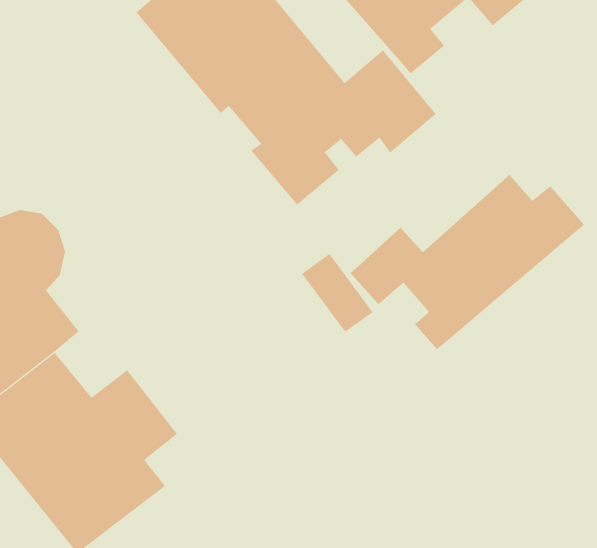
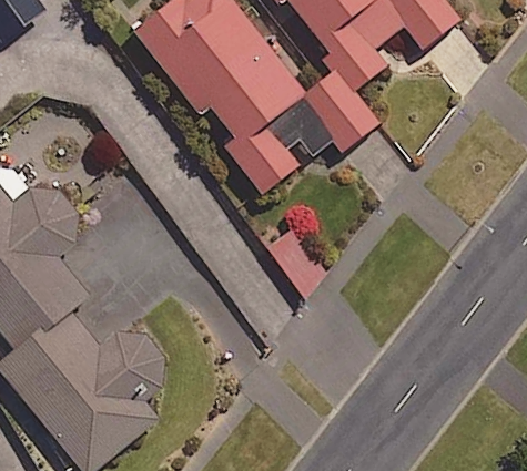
building: [350,174,585,350] -> none

